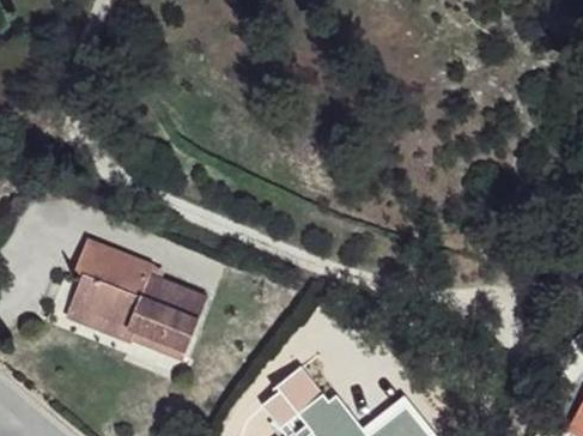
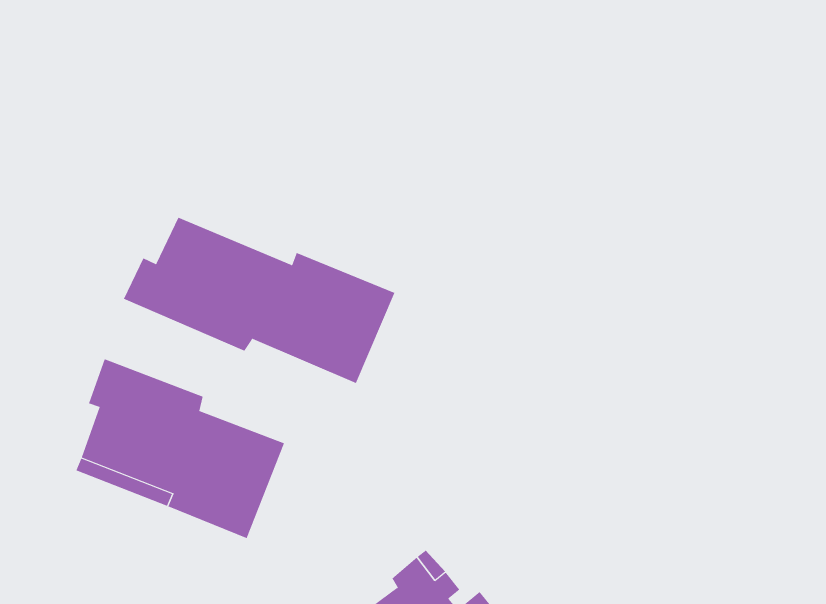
building: none -> [123,217,395,384]

